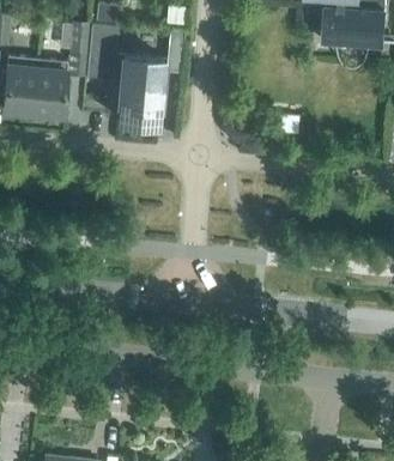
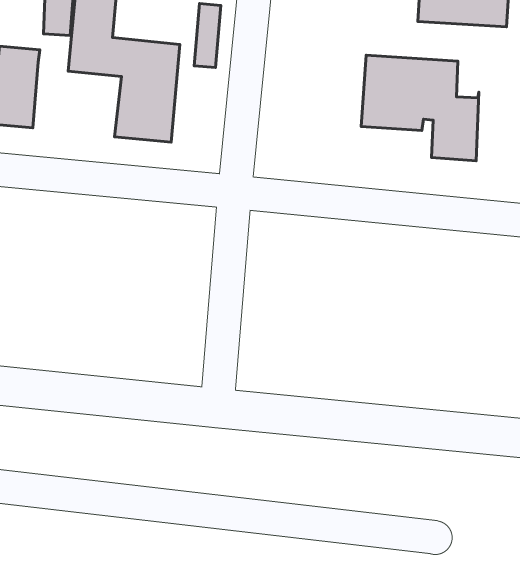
building: none -> [361,55,479,161]

